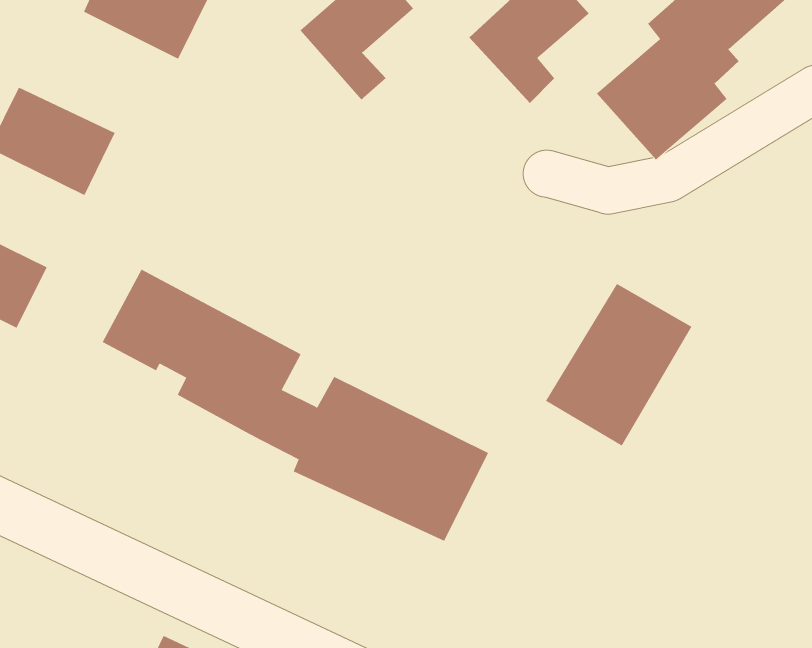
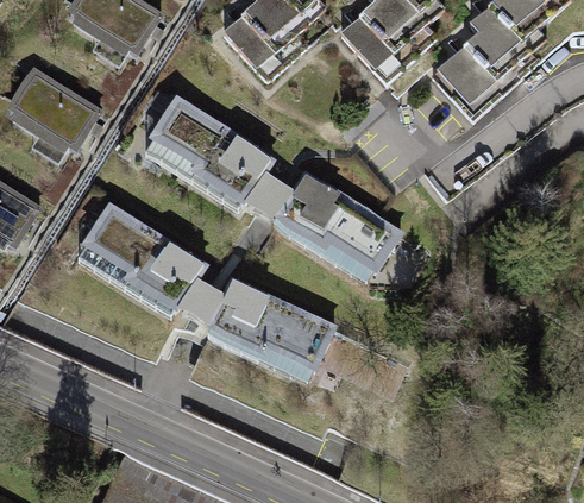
building: none -> [146,100,415,294]
building: [545,283,692,447] -> none

